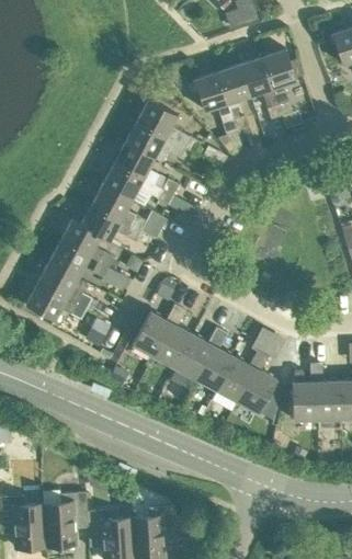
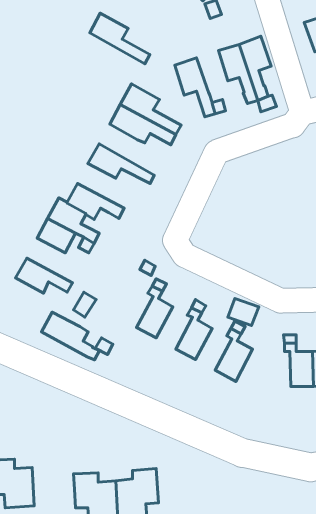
building: [218,65,251,111] -> none
building: [115,142,179,196] -> [90,13,150,64]
building: [92,184,147,231] -> none
building: [38,263,100,313] -> [42,312,100,360]
building: [133,312,172,357] -> none
building: [175,335,214,380] -> none
building: [217,358,256,402] -> none
building: [293,372,318,421] -> none
building: [44,492,89,546] -> none

